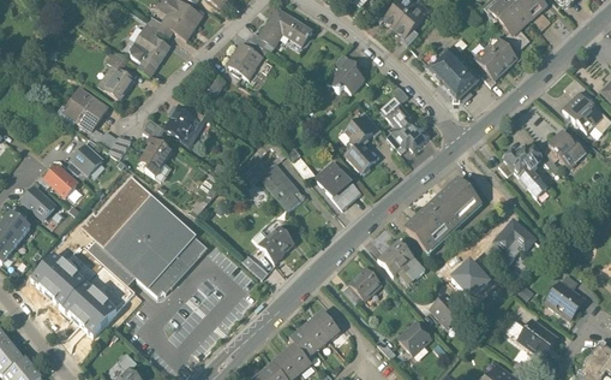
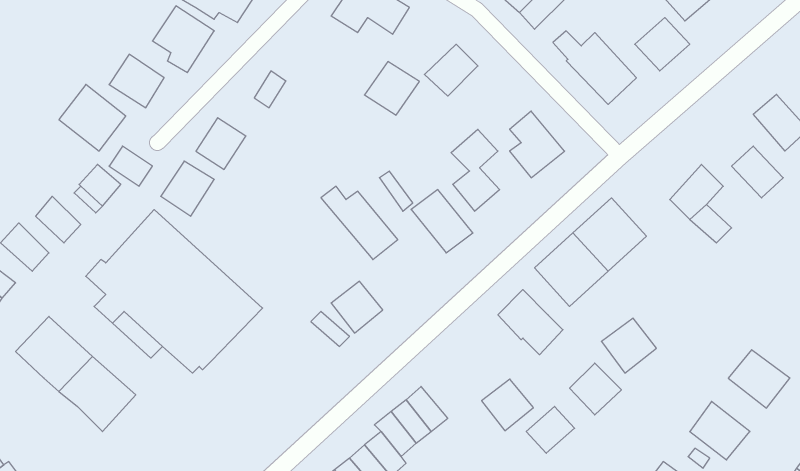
building: [224,43,264,82] -> [364,62,419,115]
building: [491,212,537,248] -> none
building: [343,259,381,296] -> [482,379,533,431]

